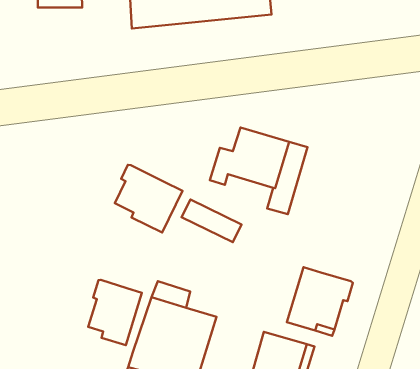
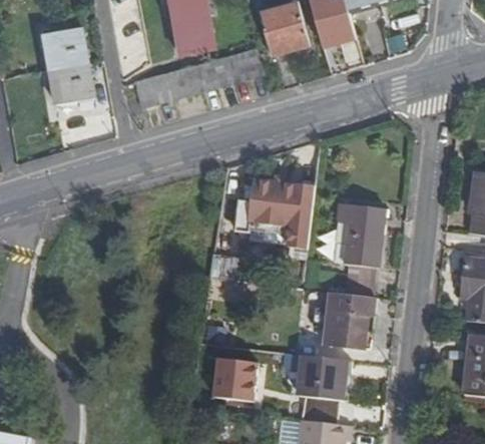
building: [115,165,182,233] -> none
building: none -> [344,211,386,297]
building: [88,280,142,345] -> none

